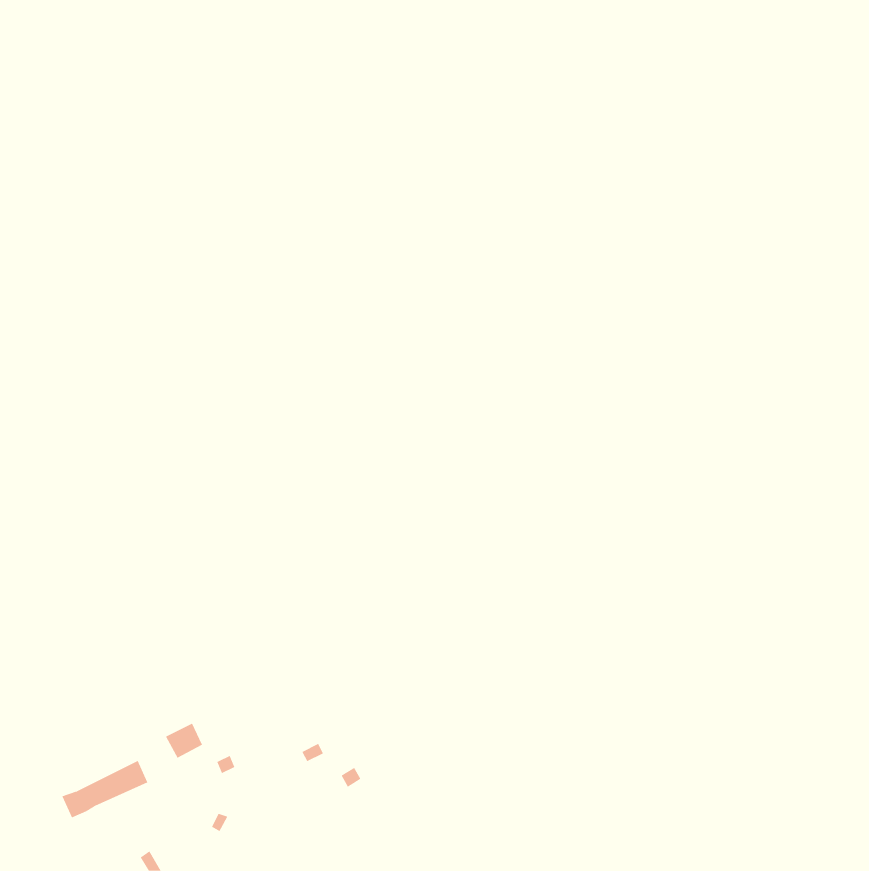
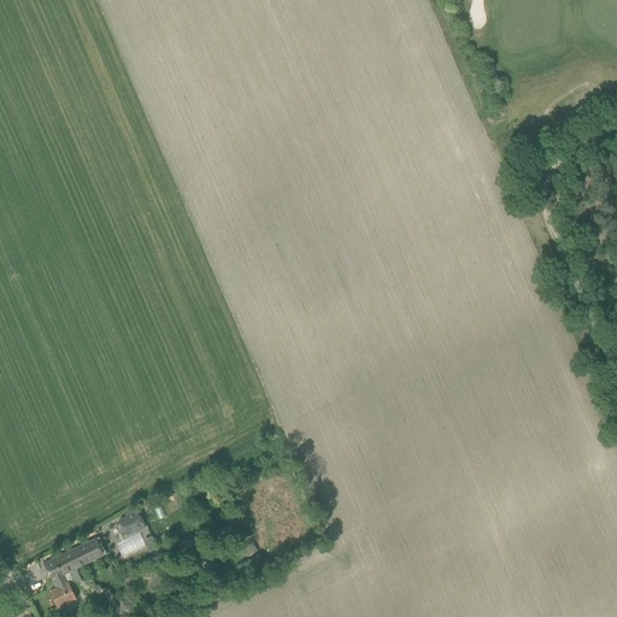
building: none -> [48,570,75,607]

